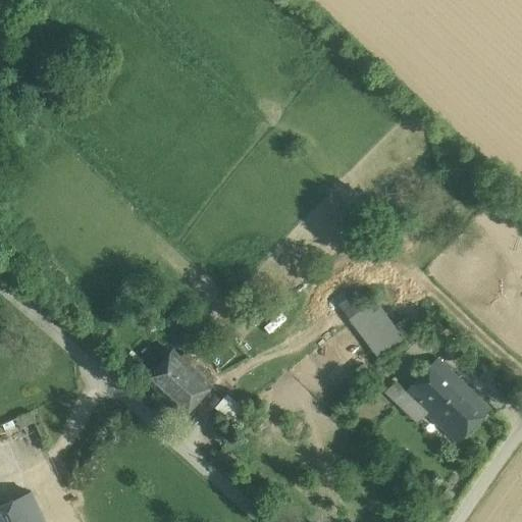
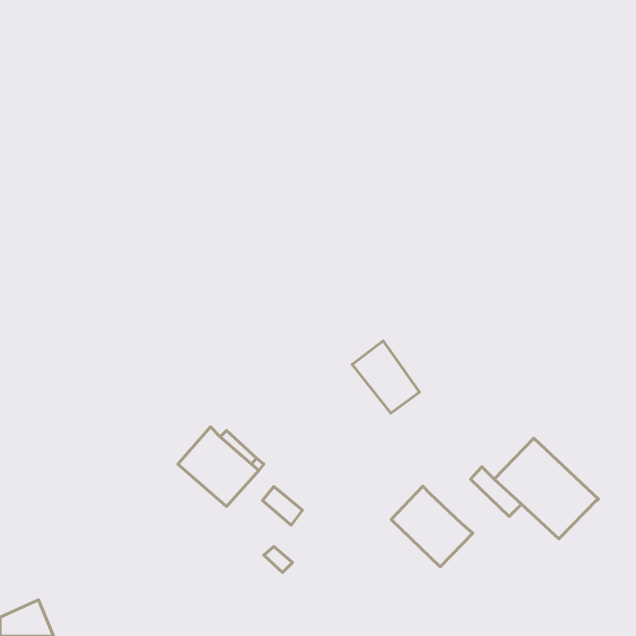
building: [350,300,405,359] -> [352,341,419,413]
building: none -> [391,486,473,567]

